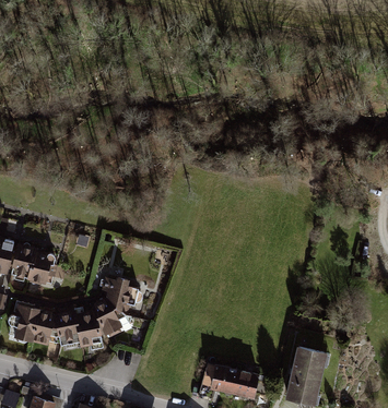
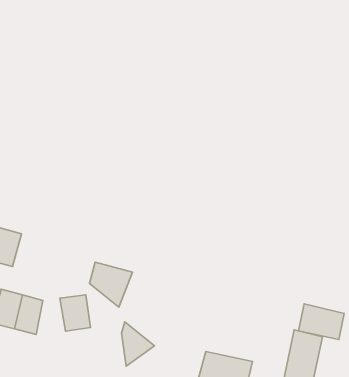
building: [27,250,57,287] -> none
building: [98,298,130,340] -> [122,322,154,366]
building: [50,312,79,347] -> none
building: none -> [299,304,344,339]

